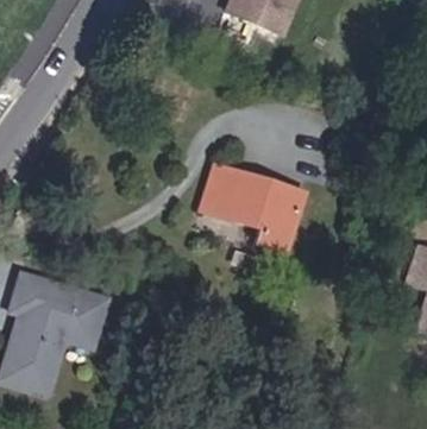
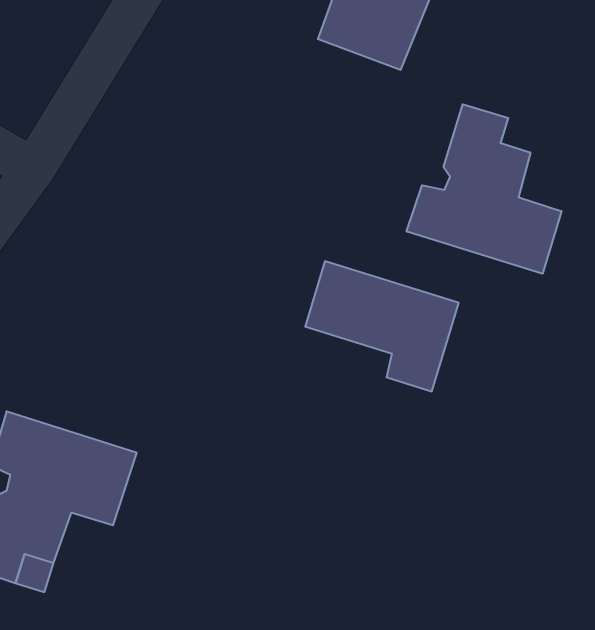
building: none -> [407,104,562,274]

